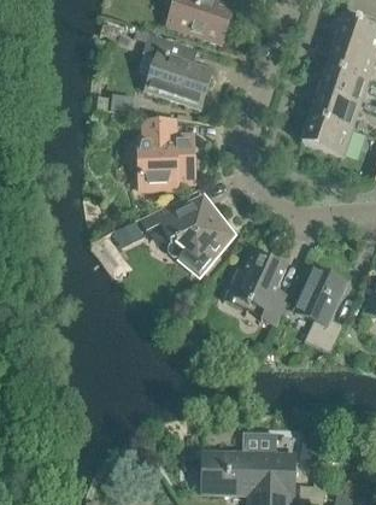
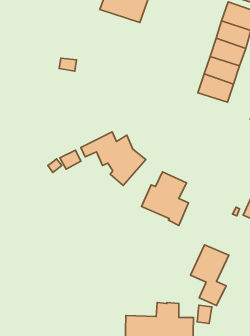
building: [137,33,213,107] -> none
building: [139,119,195,189] -> none
building: [294,268,347,352] -> [191,245,229,306]

